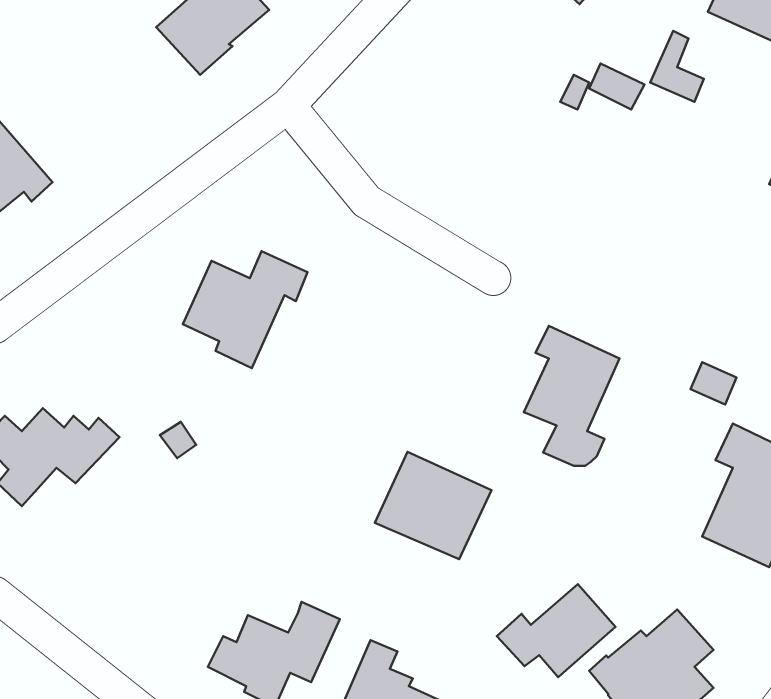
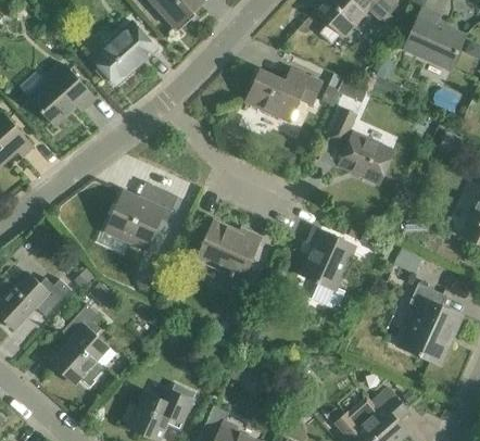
building: none -> [28,65,96,126]
building: none -> [245,68,321,122]
building: none -> [328,109,394,185]
building: [375,452,492,559] -> [194,219,261,280]
building: none -> [52,304,106,383]
building: [497,584,615,677] -> none

